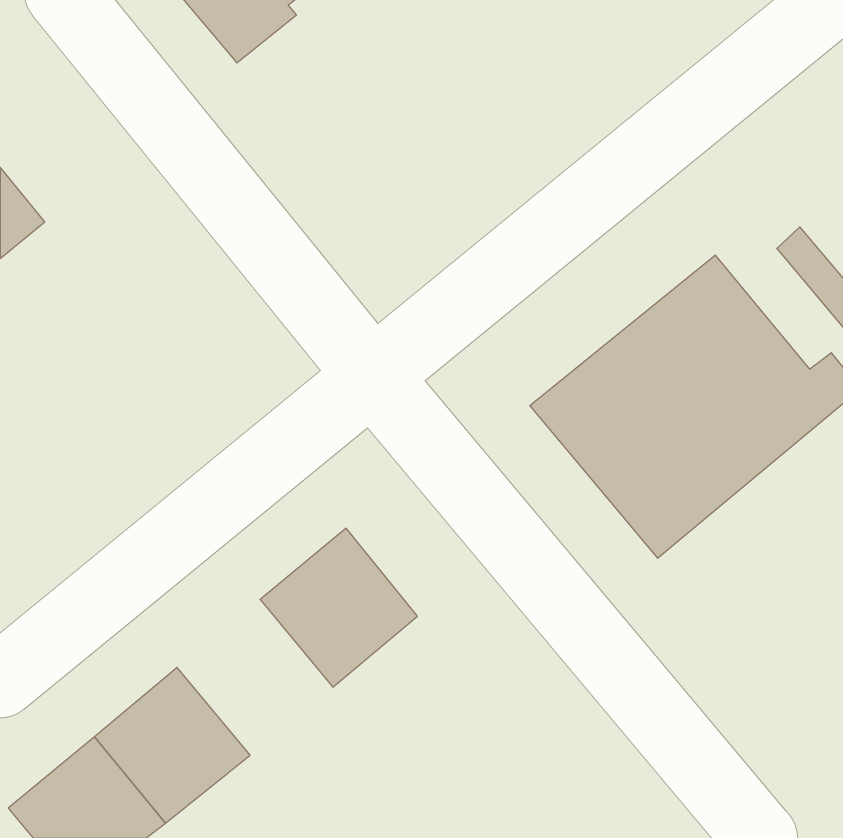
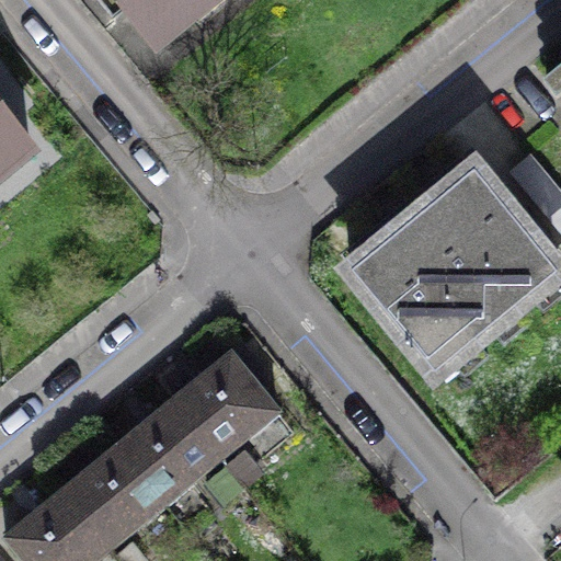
building: none -> [119,397,222,500]

